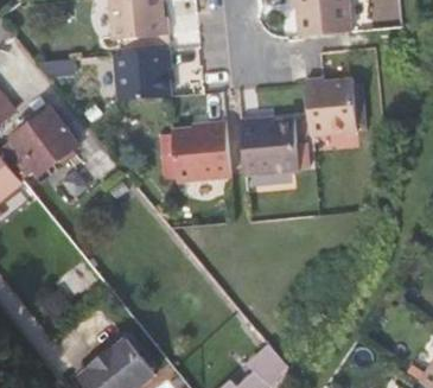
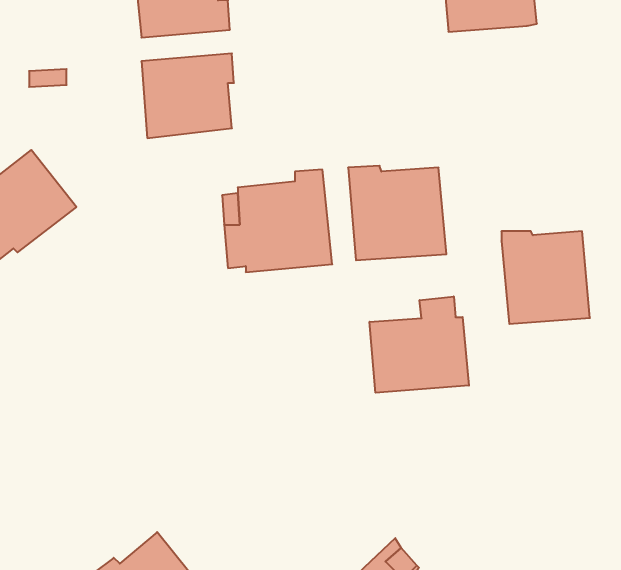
building: [306,77,359,133] -> [501,231,590,324]
building: none -> [370,296,469,393]

